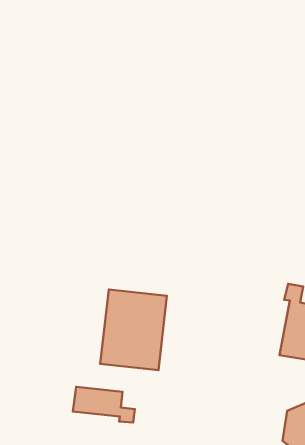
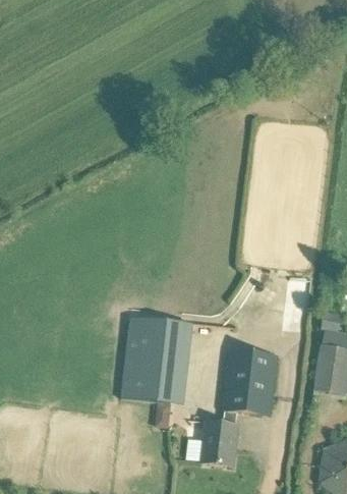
building: none -> [204,351,277,468]
building: [73,387,135,423] -> none

